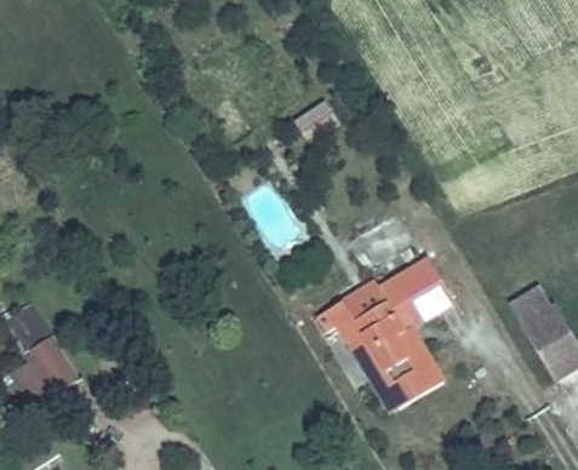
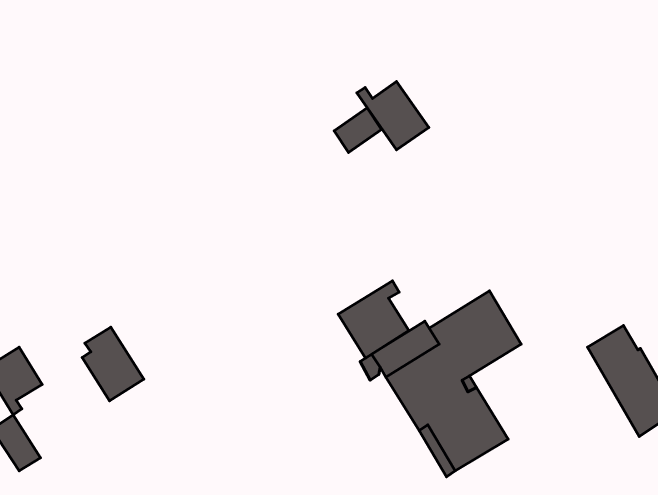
building: none -> [357,82,429,150]
building: none -> [338,281,409,358]
building: [27,334,79,396] -> [82,327,144,401]

